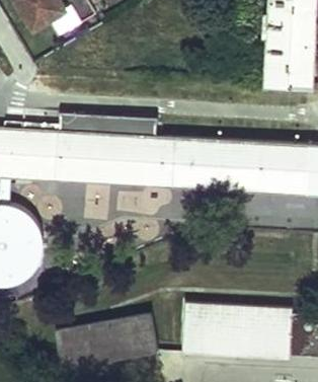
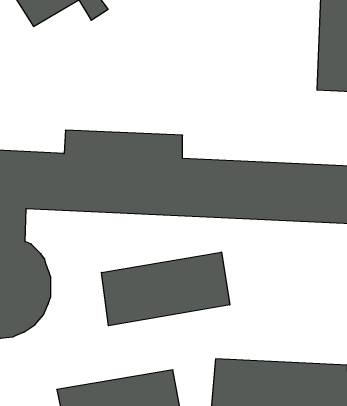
building: none -> [101,252,230,326]

